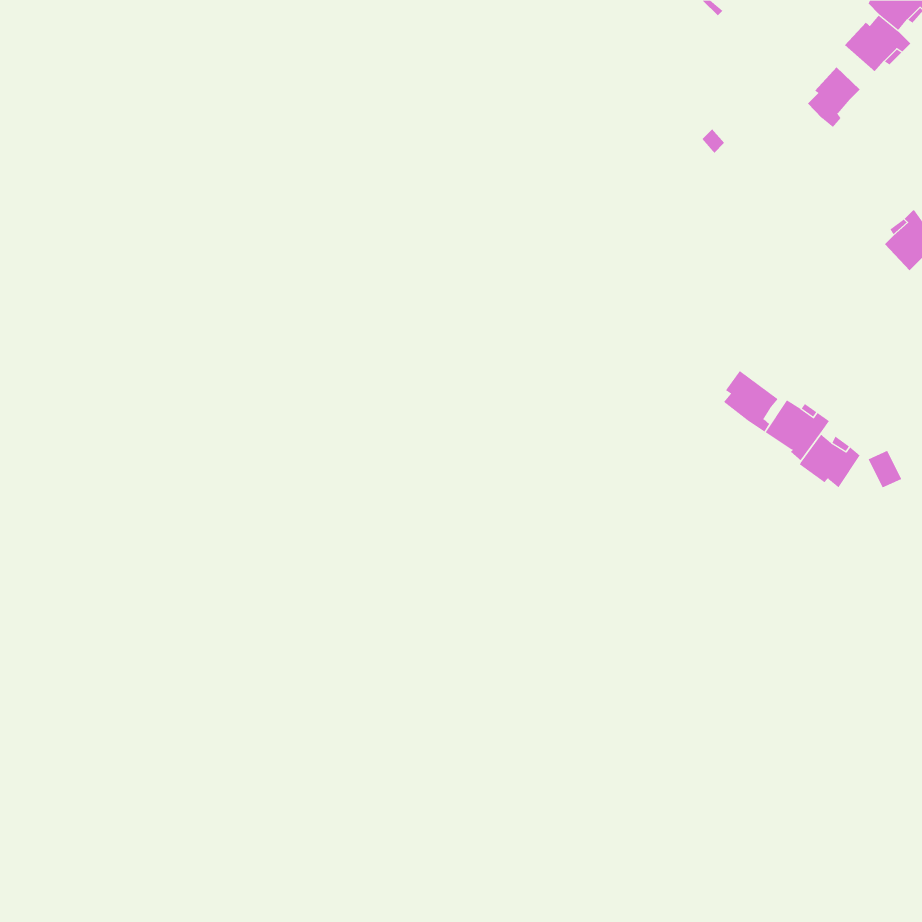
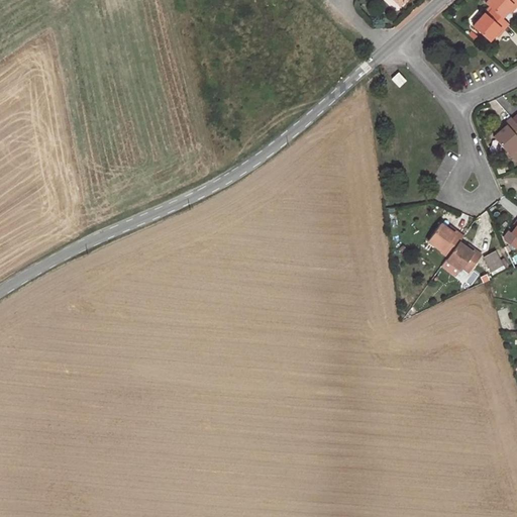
building: [807,66,860,128] -> none
building: [723,370,779,432] -> none

